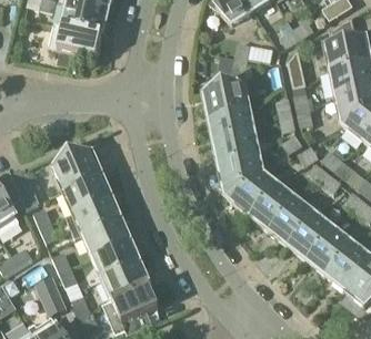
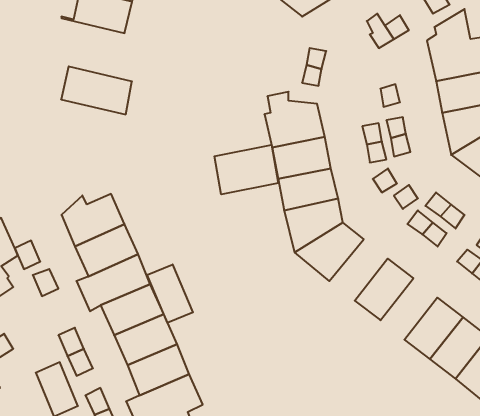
building: [49,21,101,57] -> [61,66,132,114]
building: none -> [214,145,278,194]
building: [252,184,295,229] -> none
building: none -> [147,264,193,323]
building: [290,213,332,258] -> none

